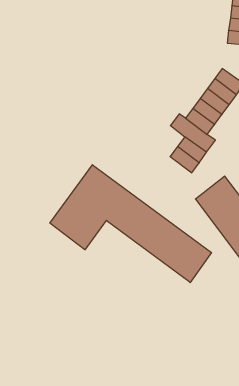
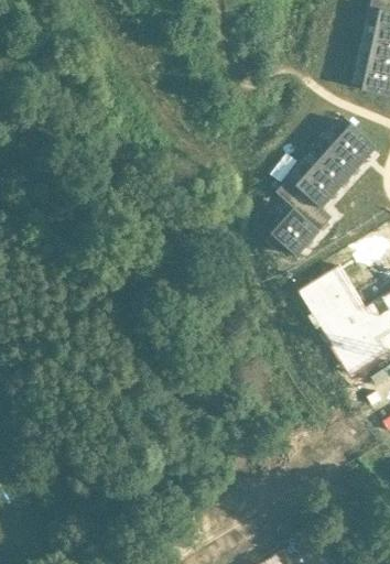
building: [50,165,211,283] -> none

